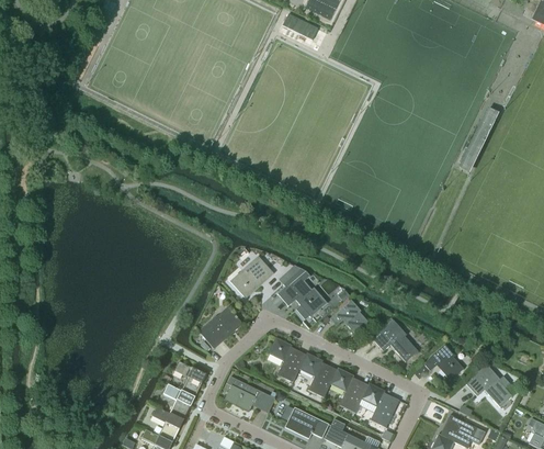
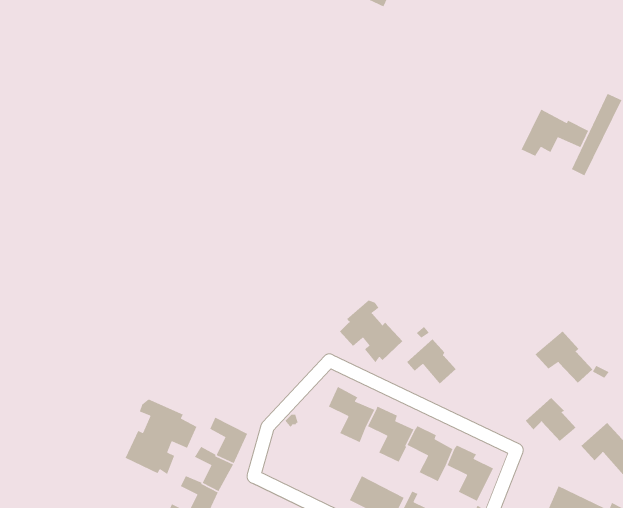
building: none -> [521,109,589,157]
building: [230,257,273,299] -> none
building: [200,306,243,349] -> none
building: [372,321,418,362] -> [535,331,593,384]
building: none -> [124,399,198,475]
building: [225,377,276,413] -> none

